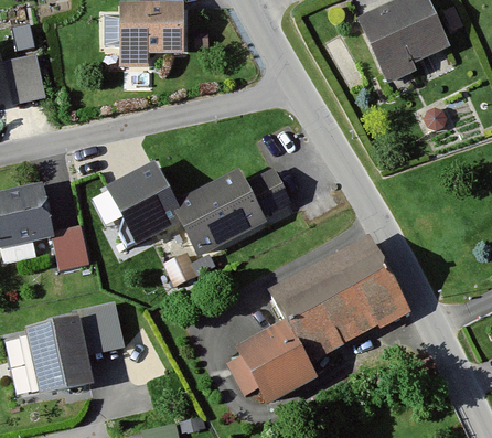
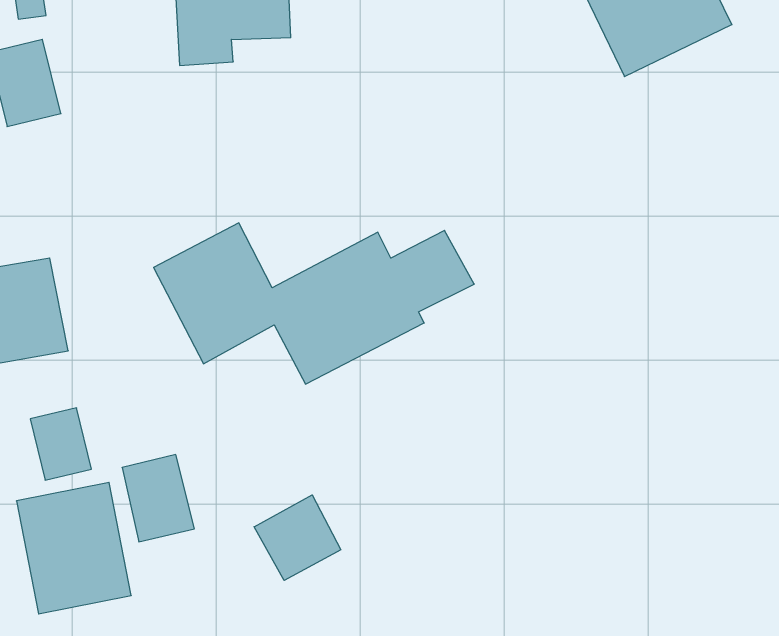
building: [55,225,92,268] -> [30,408,91,480]
building: [232,237,408,403] -> none
building: none -> [254,495,341,580]

